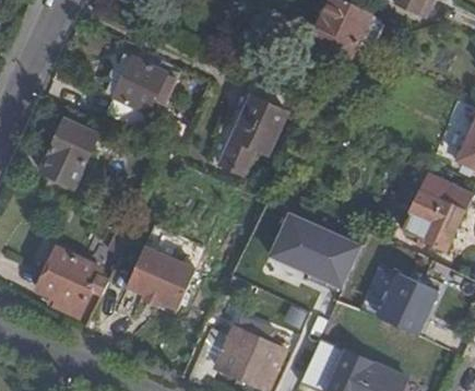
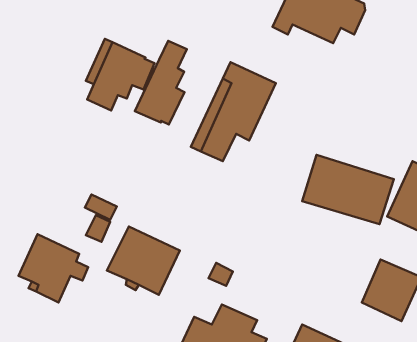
building: none -> [135,41,187,124]
building: [40,121,97,189] -> none
building: [271,213,361,282] -> [302,155,394,224]

